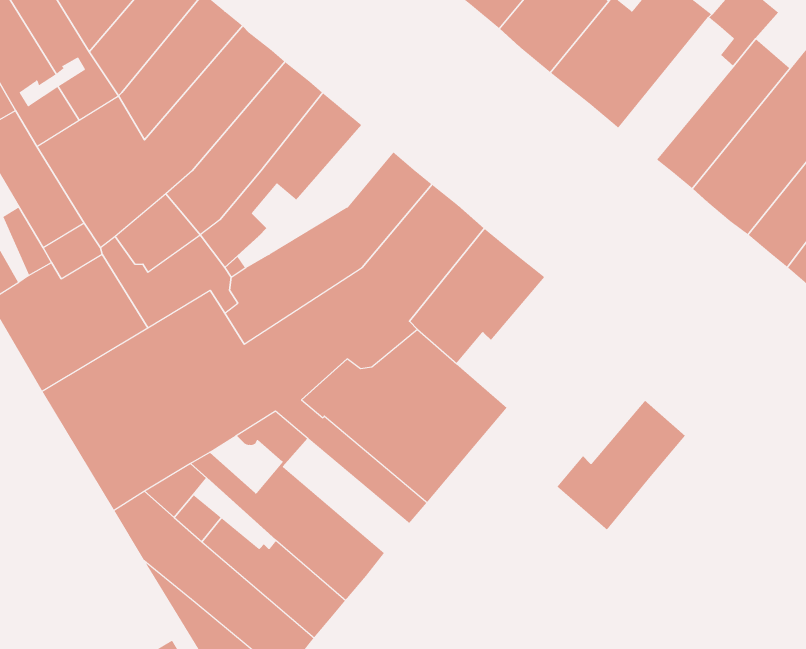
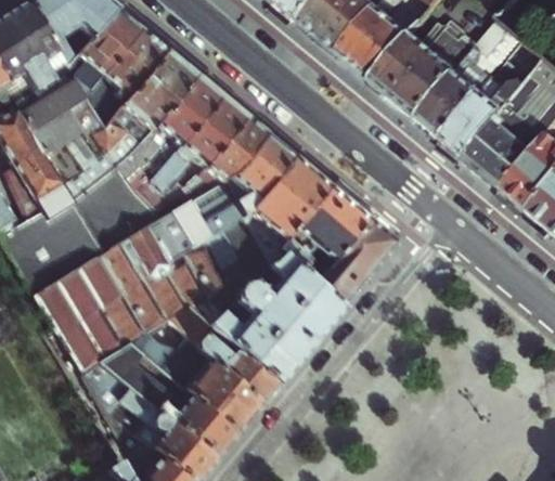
building: none -> [418,45,494,140]
building: none -> [180,117,269,203]
building: [557,400,686,530] -> [311,218,397,304]
building: none -> [196,325,280,401]

